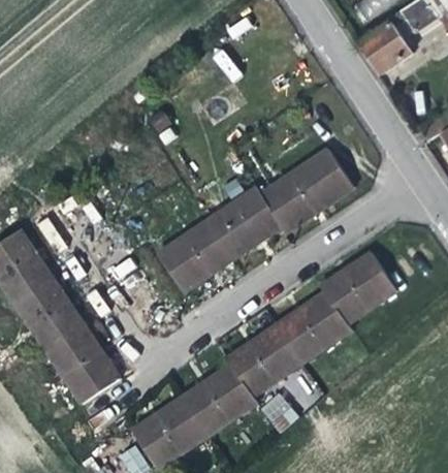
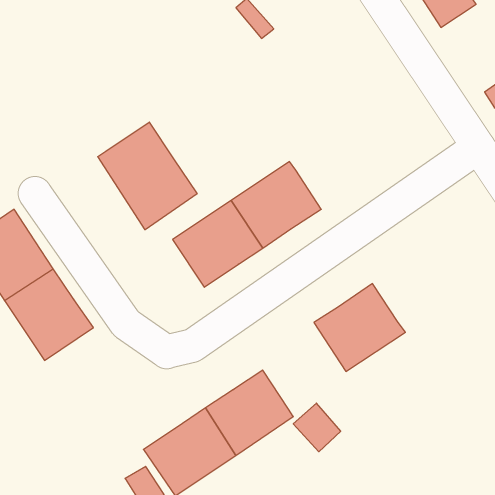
building: [259,148,354,232] -> none
building: none -> [98,122,197,230]
building: [320,250,395,322] -> none
building: [226,322,301,396] -> none
building: [46,326,121,404] -> none

